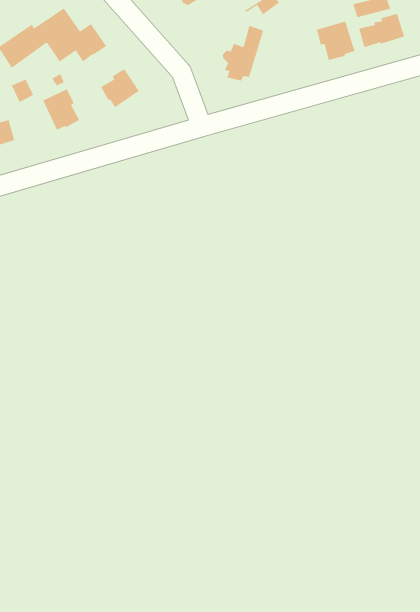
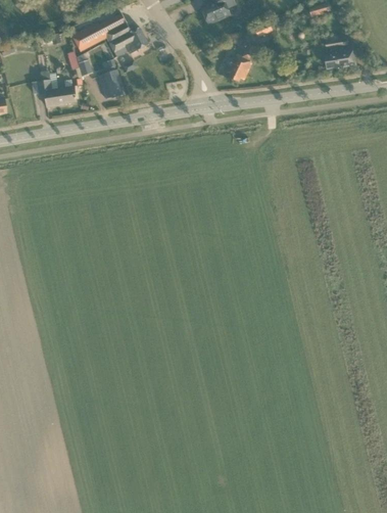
building: [316,20,356,61] -> none
building: [100,68,140,108] -> none

